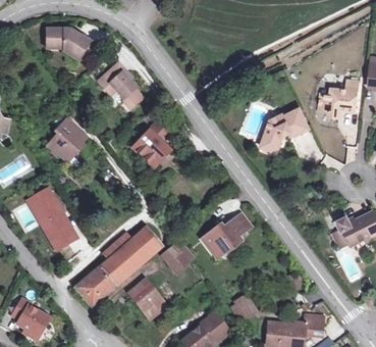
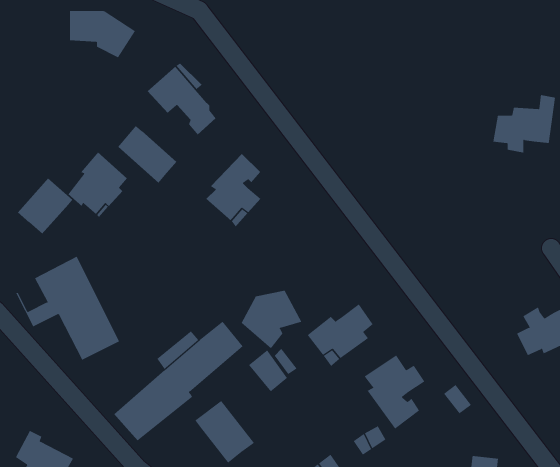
building: none -> [117,125,177,183]
building: [259,107,309,151] -> none
building: none -> [17,178,73,235]
building: none -> [241,290,302,349]
building: none -> [364,355,425,430]

